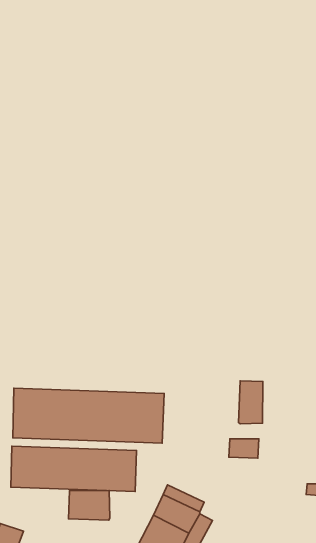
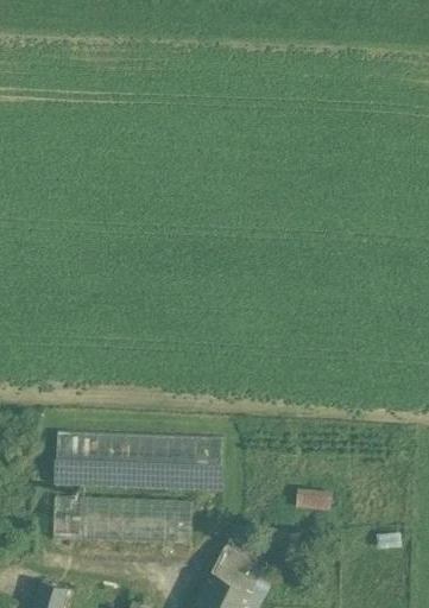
building: [238,381,263,424] -> none
building: [68,490,110,520] -> none

